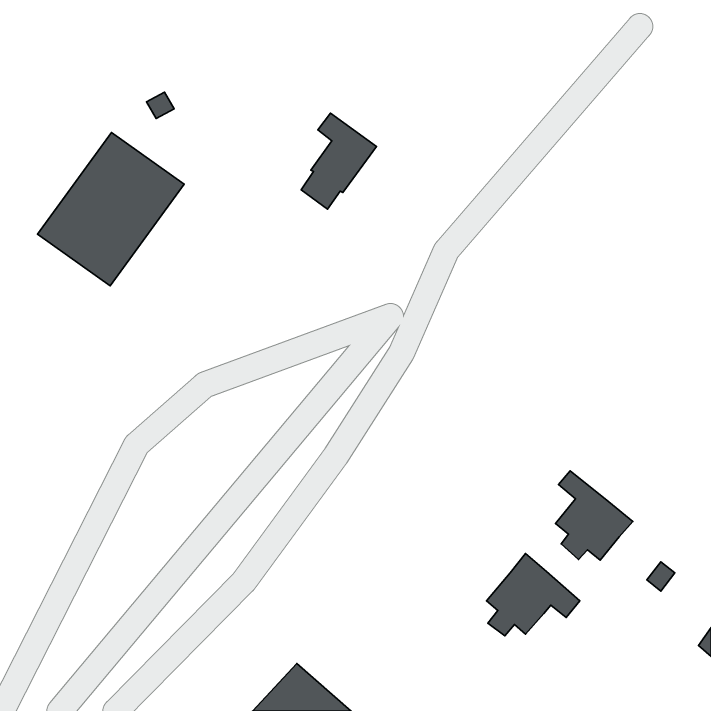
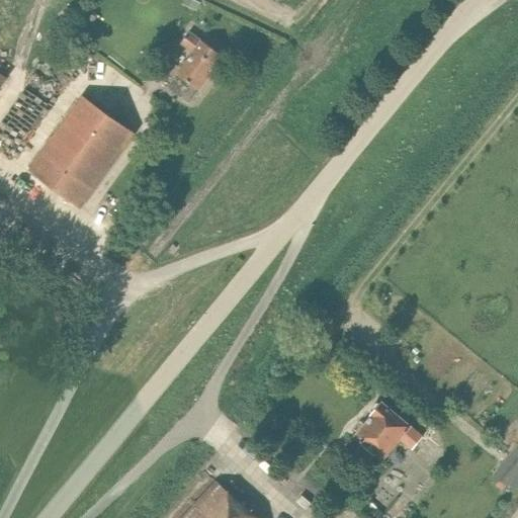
building: [301,113,376,209] -> [168,32,223,102]
building: [556,471,633,560] -> none

